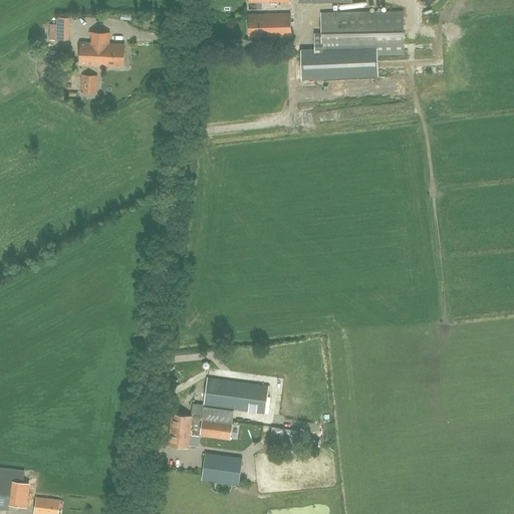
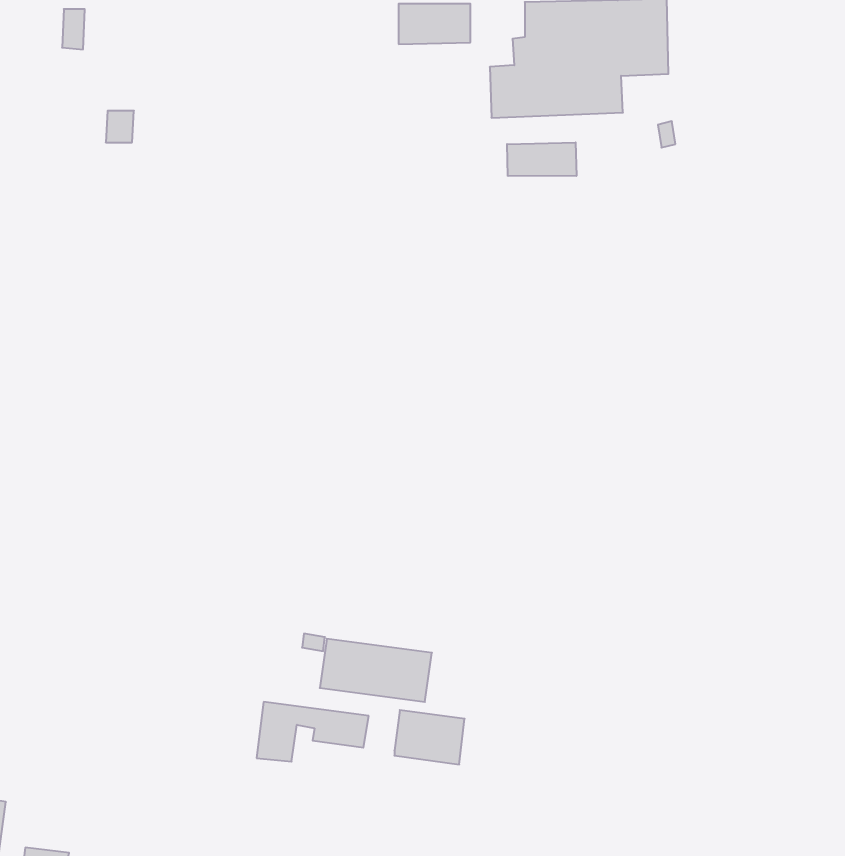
building: [79,31,123,65] -> none
building: none -> [507,142,576,176]
building: [202,453,242,484] -> [394,710,465,764]

